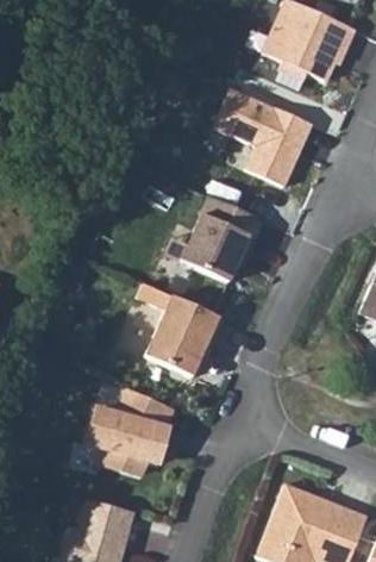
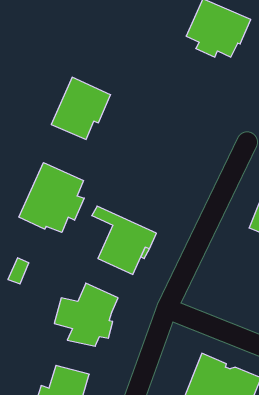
building: [213,87,312,186] -> none
building: [182,196,263,281] -> [51,77,111,139]
building: none -> [19,163,84,232]

